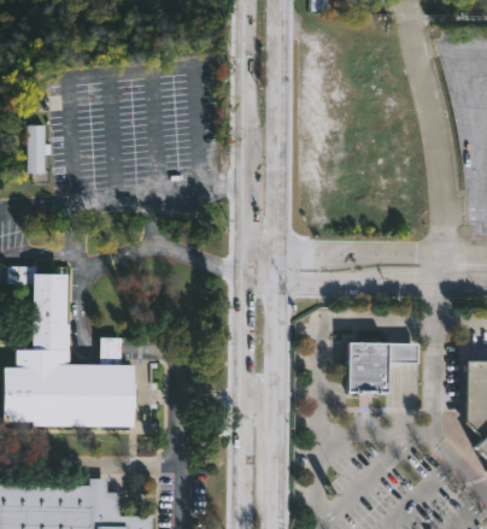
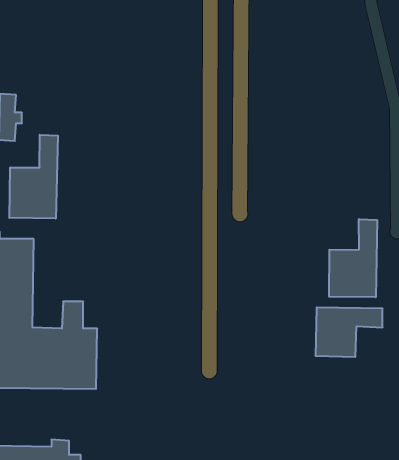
building: none -> [9,135,58,219]
building: none -> [329,219,377,297]

